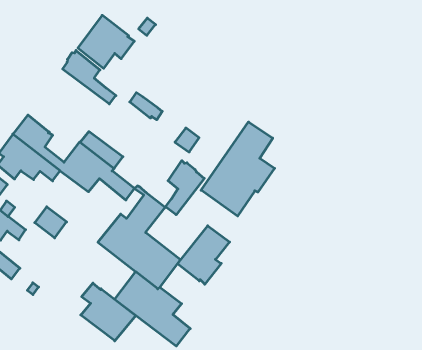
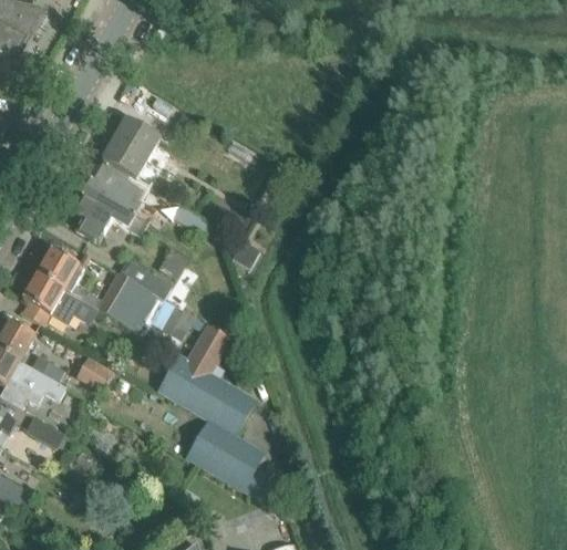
building: none -> [72,186,148,241]
building: [201,122,275,216] -> none
building: [166,161,204,215] -> none
building: [177,226,230,284] -> none
building: [81,283,136,341] -> none

